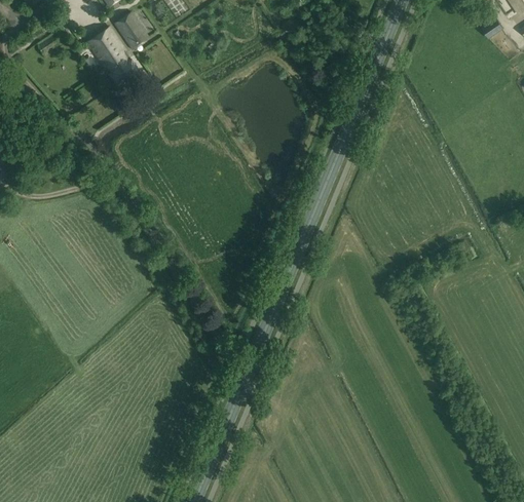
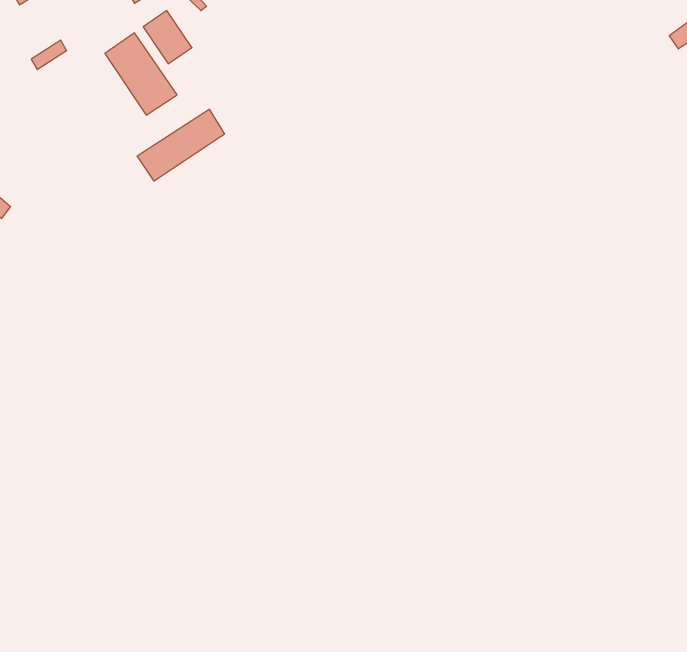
building: none -> [137,109,224,181]

